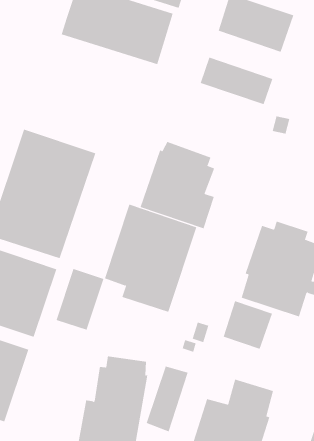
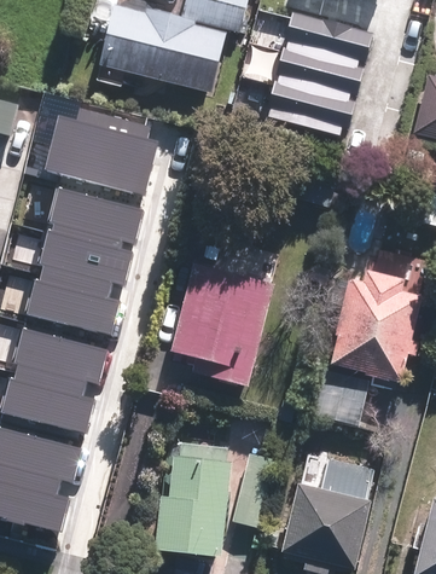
building: none -> [273,53,357,105]
building: none -> [45,108,161,189]
building: [140,141,215,229] -> none
building: [56,268,104,331] -> none

